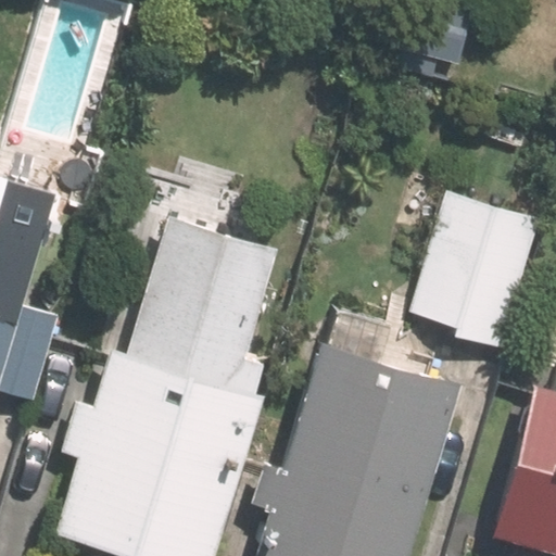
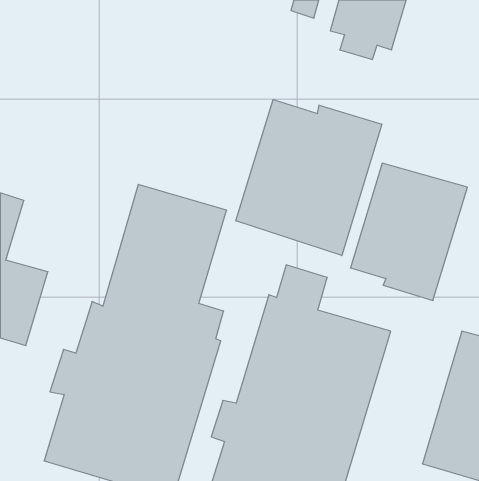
building: none -> [236,100,382,256]

